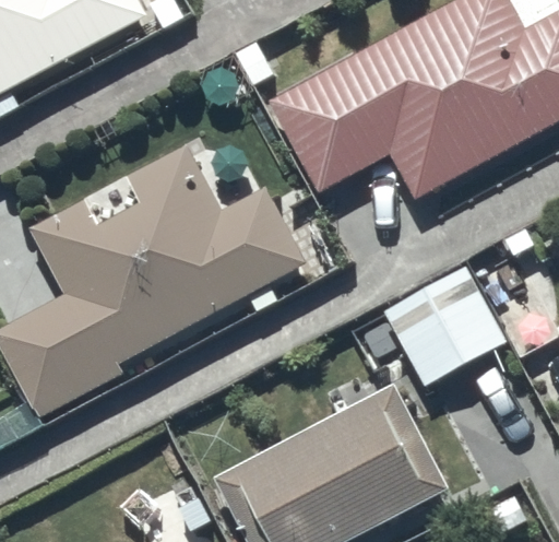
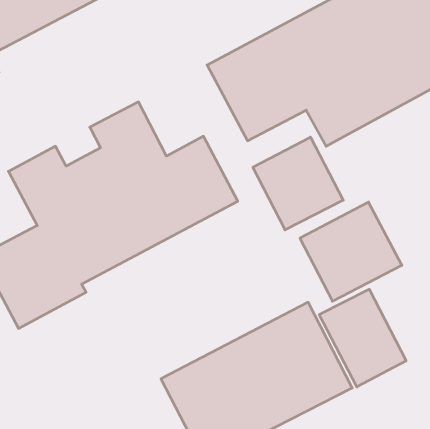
building: none -> [253,137,343,230]
building: none -> [319,289,406,387]

